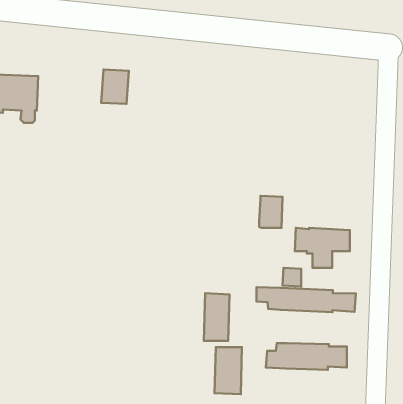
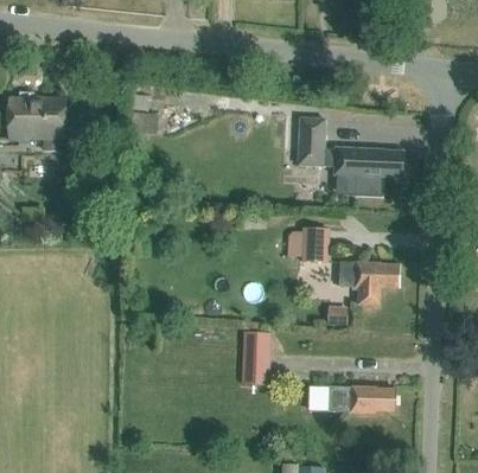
building: none -> [298,117,402,196]
building: [256,287,356,312] -> none
building: [215,347,242,394] -> none

